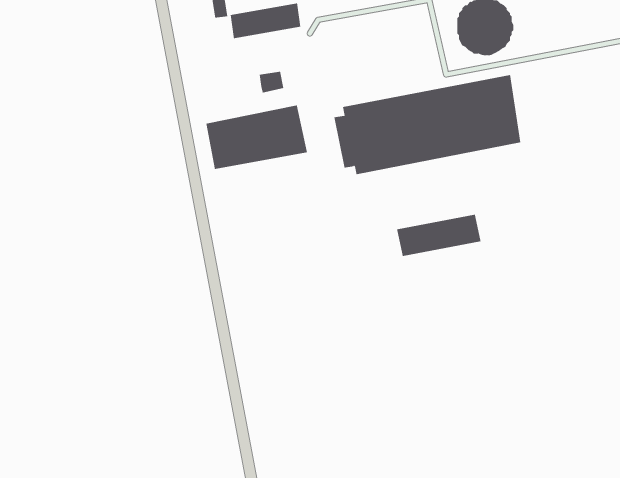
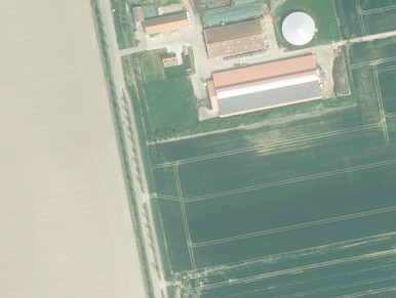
building: [206,105,308,169] -> [204,17,266,56]
building: [396,214,481,257] -> none

